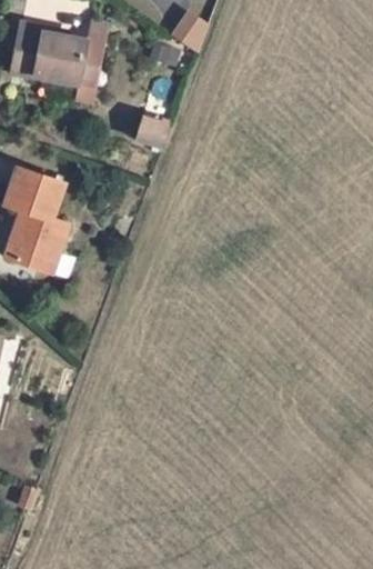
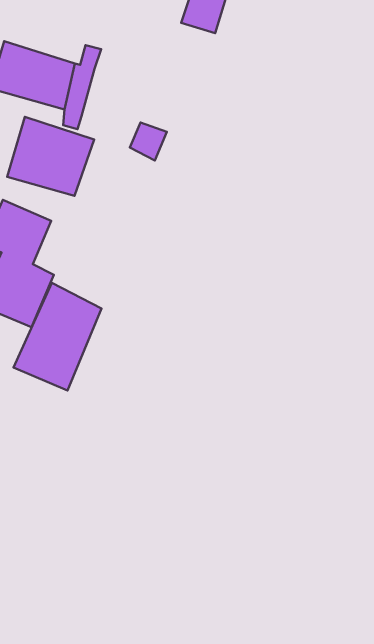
building: none -> [7,117,94,196]
building: none -> [13,283,102,391]

